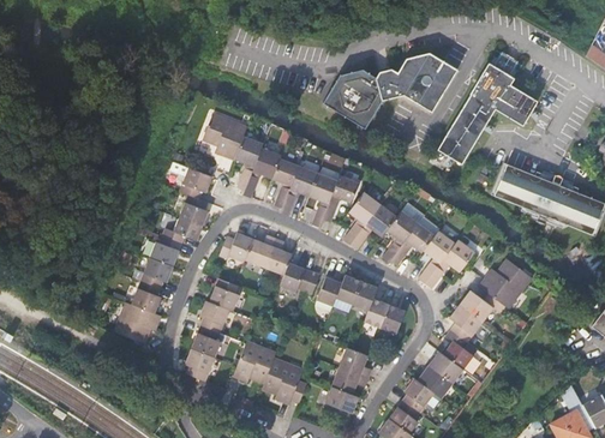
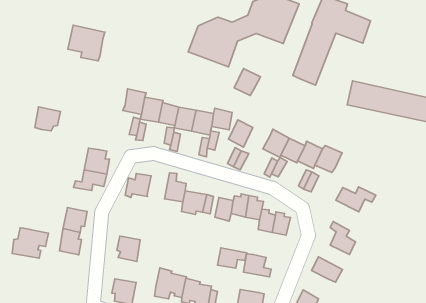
building: [202,110,247,156] -> [68,25,105,61]
building: [180,166,212,196] -> [35,107,60,131]
building: [365,202,397,234] -> [234,68,261,95]
building: [245,233,275,265] -> none
building: [151,234,182,264] -> none
building: [479,257,533,304] -> none
building: [209,276,239,308] -> none
building: [450,301,484,338] -> none
building: [115,302,161,341] -> [12,228,48,258]
building: [191,323,221,355] -> none
building: [429,348,465,382] -> none
building: [333,365,369,391] -> [218,248,247,268]
building: [405,374,436,410] -> none

